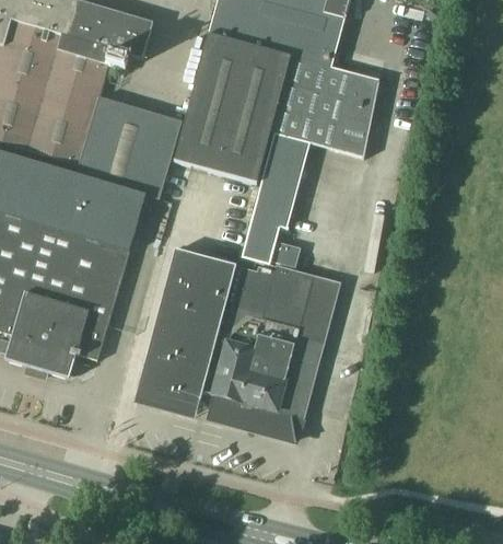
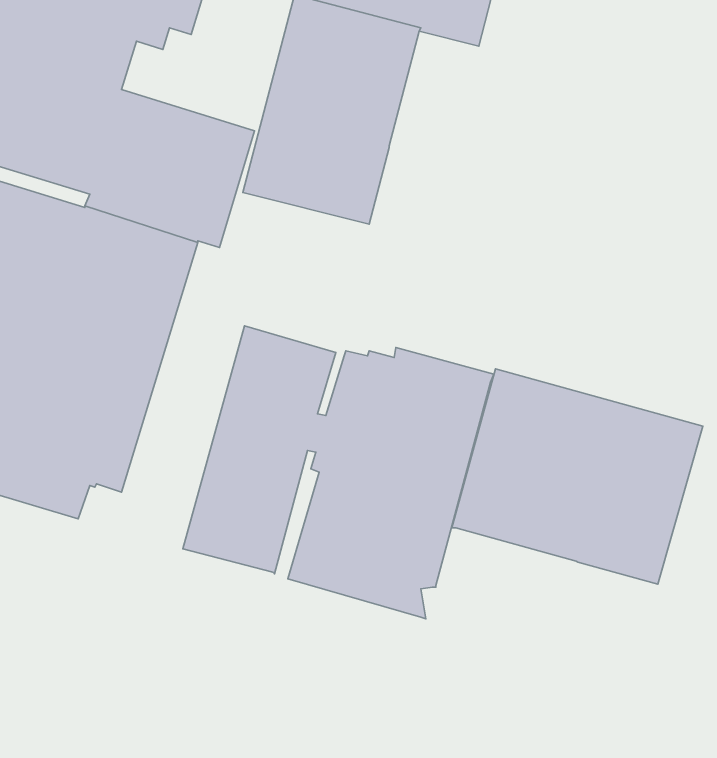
building: [239,56,377,267] -> none
building: none -> [452,369,703,584]

